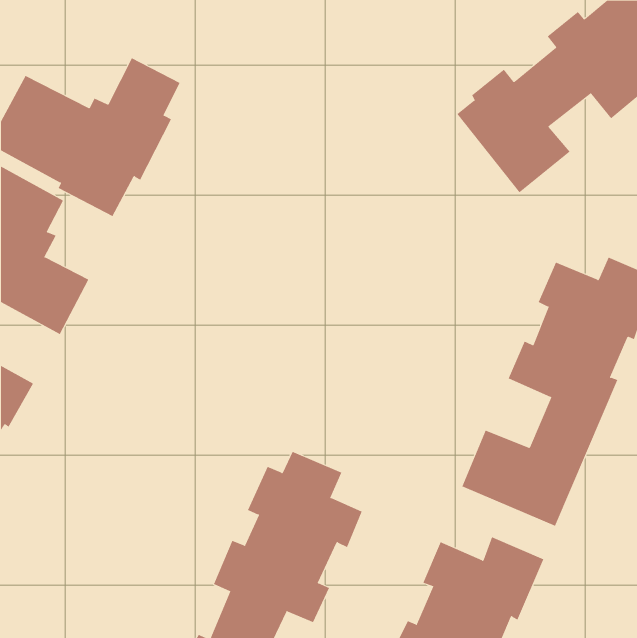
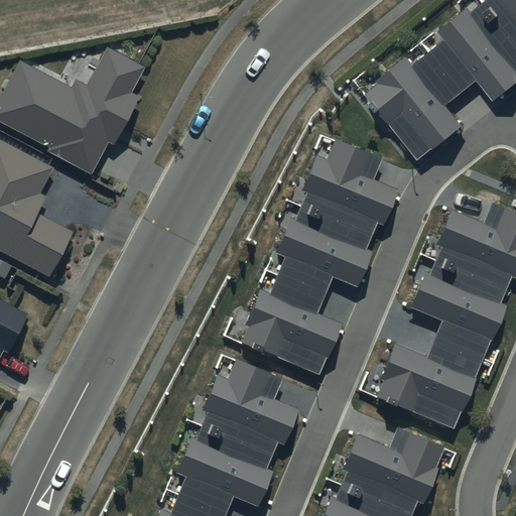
building: none -> [244,144,391,374]

